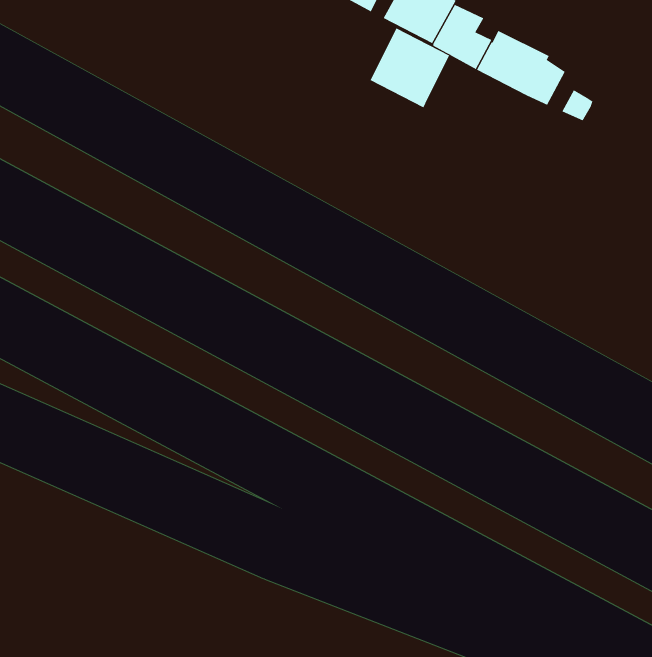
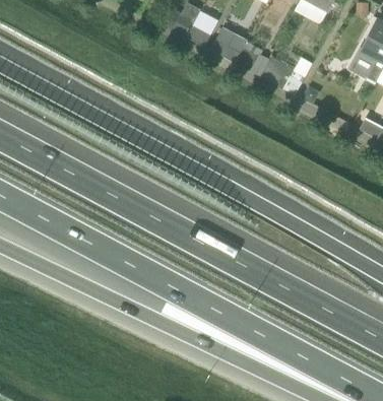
building: [370,28,450,108] -> none

